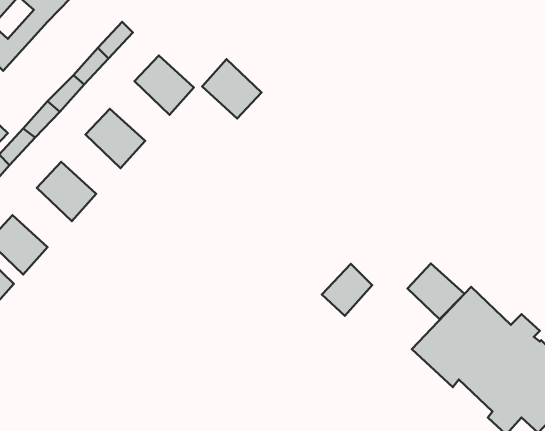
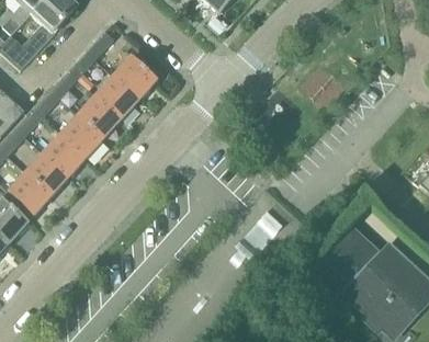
building: [202,59,262,119] -> [95,75,138,117]
building: none -> [60,113,103,156]
building: none -> [25,151,68,194]
building: [407,263,464,319] -> none

